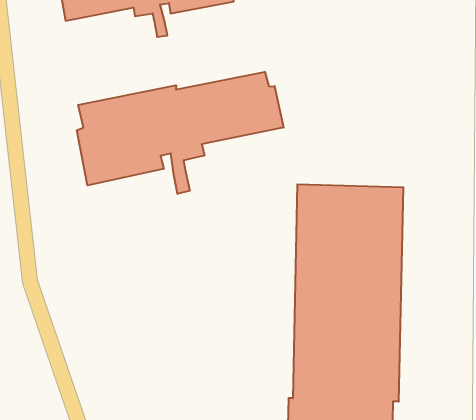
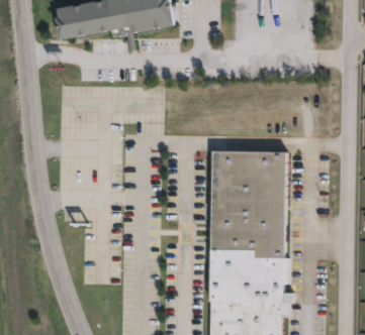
building: [77,72,284,194] -> none

